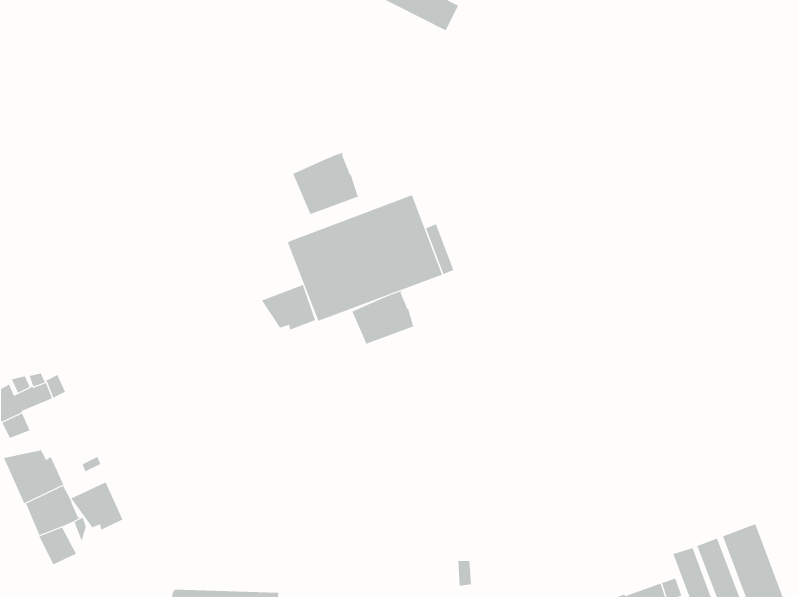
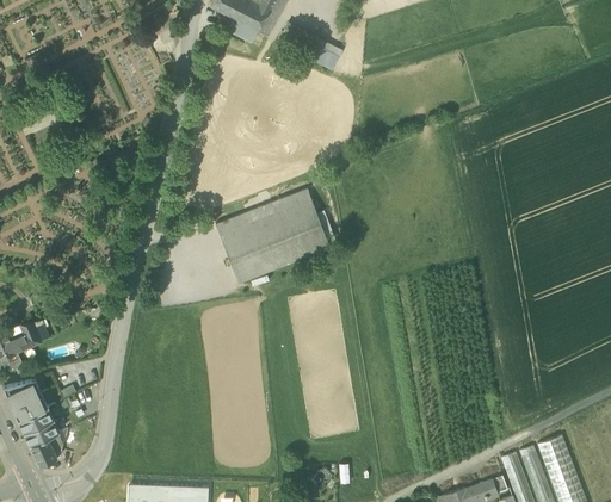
building: [292,152,359,216] -> none
building: [261,284,316,331] -> none
building: [351,290,415,345] -> none
building: [71,482,123,530] -> none

